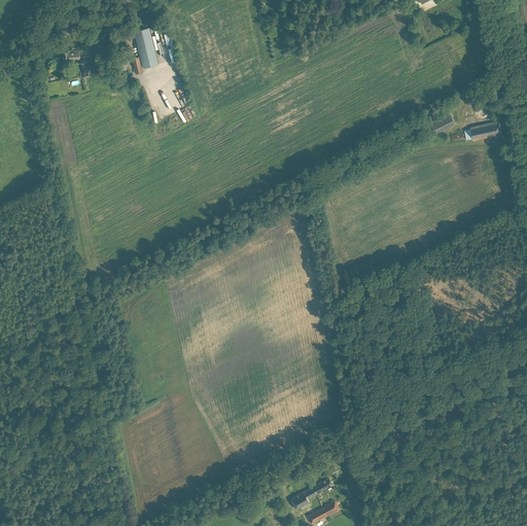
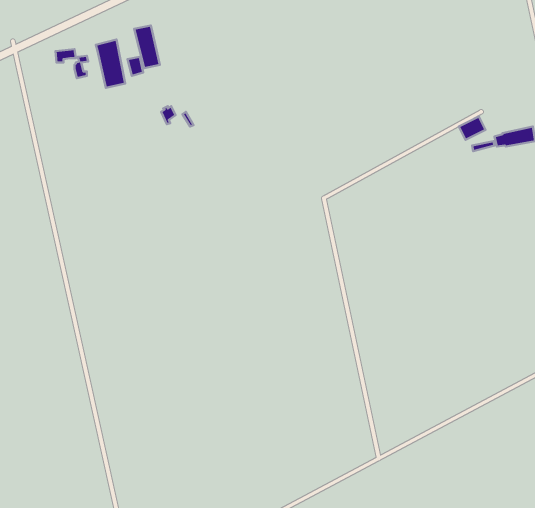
building: none -> [96,40,125,88]

